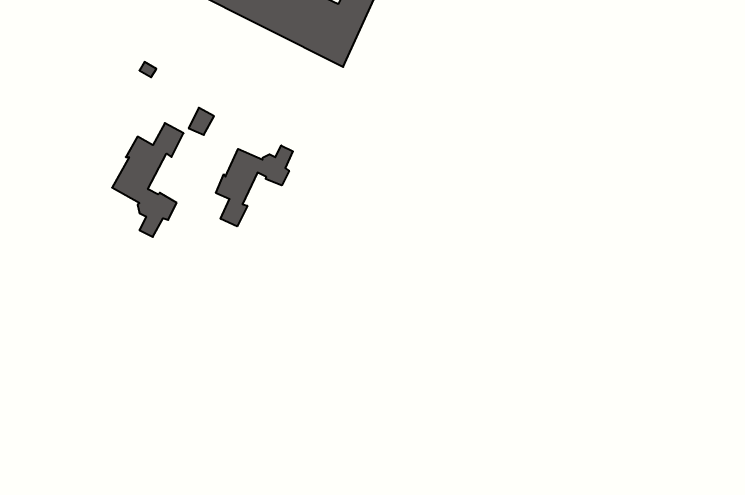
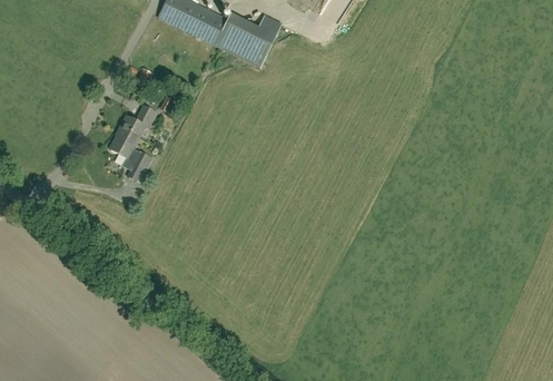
building: [216,145,293,226] -> none

